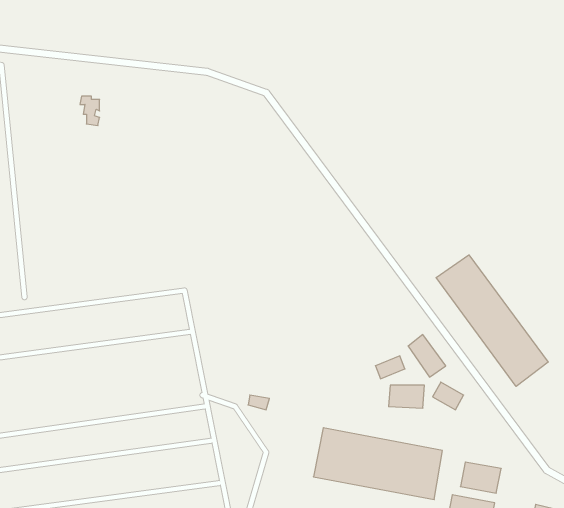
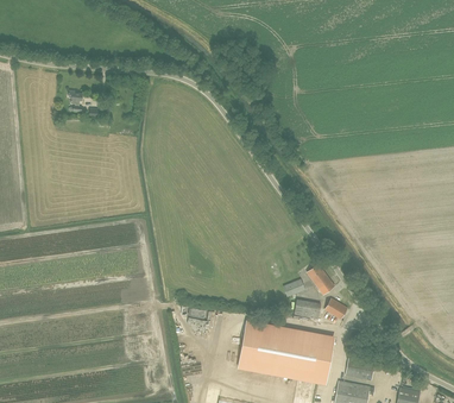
building: [436,255,548,386] -> none

